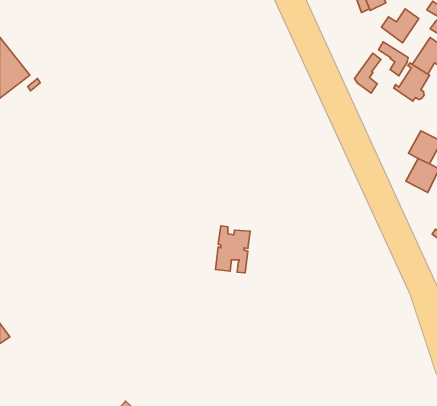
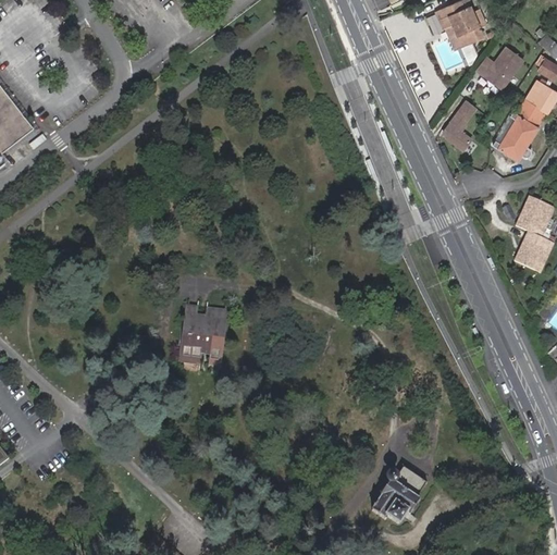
building: [379,42,408,76] -> none
building: [215,226,250,273] -> [182,307,225,366]
building: none -> [372,468,426,522]

